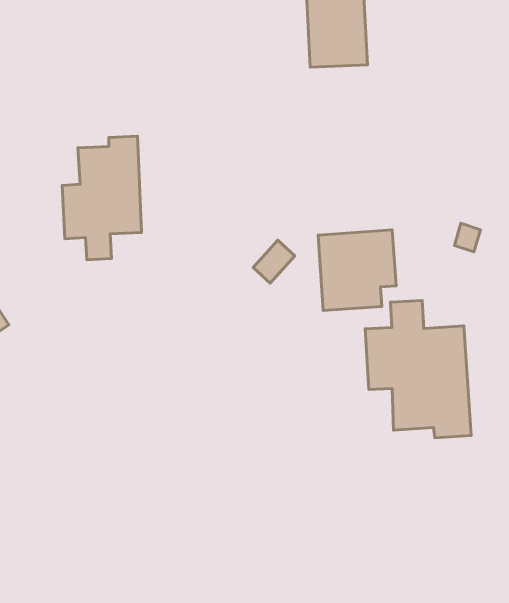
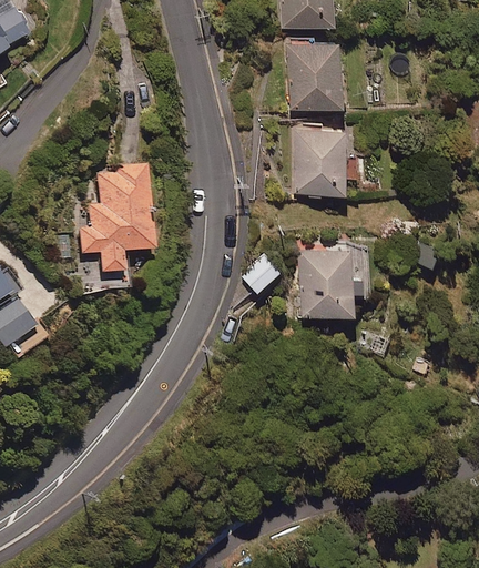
building: none -> [295,129,356,194]
building: [365,300,471,438] -> none

